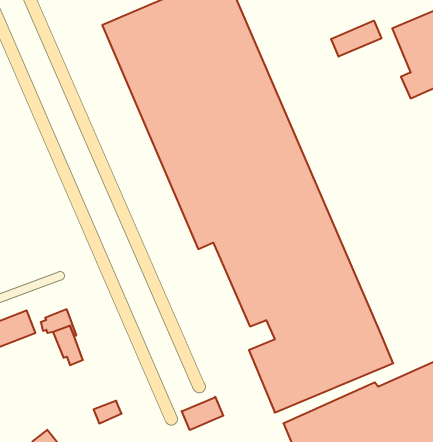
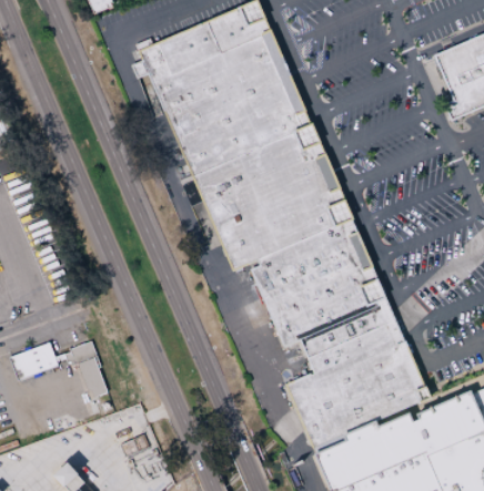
building: [331,21,381,57] -> none
building: [182,397,223,430] -> none

